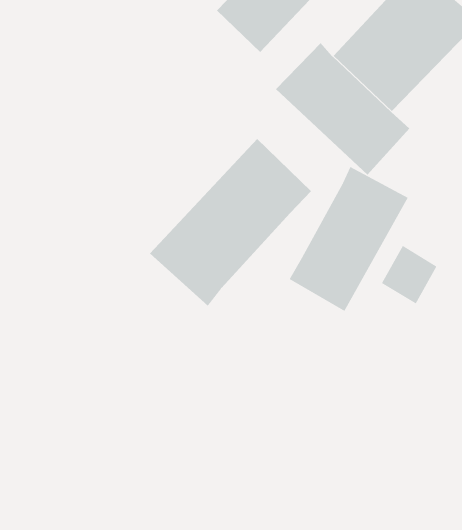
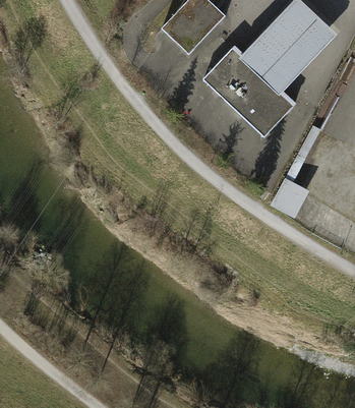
building: [149,138,312,306] -> none
building: [289,166,409,312] -> none

